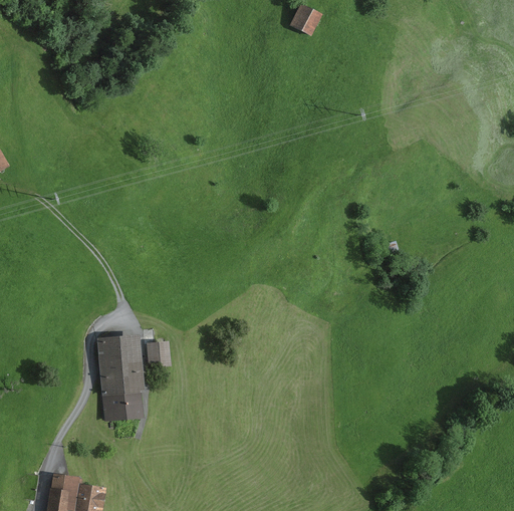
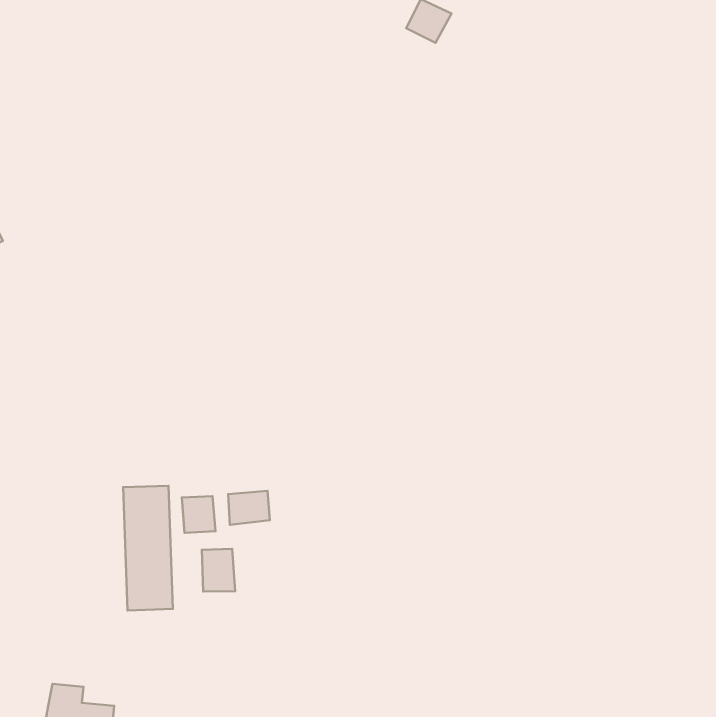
building: none -> [228,491,270,525]
building: none -> [202,549,235,592]

